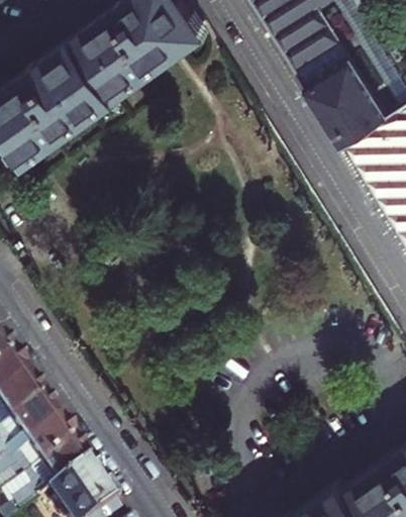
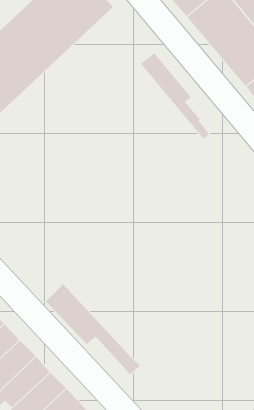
building: none -> [140,52,210,140]
building: none -> [45,283,141,375]

